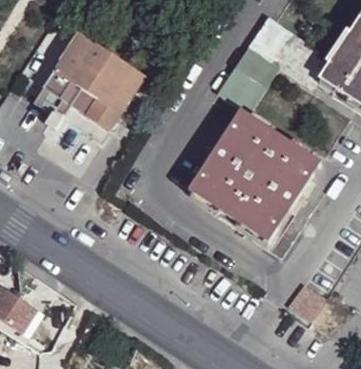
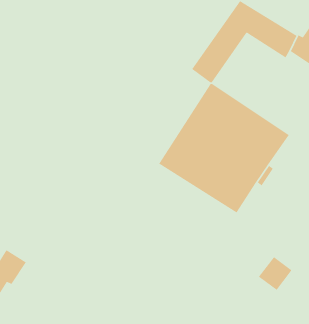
building: [43,35,142,128] -> none

